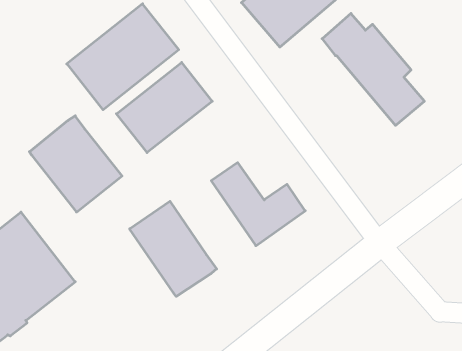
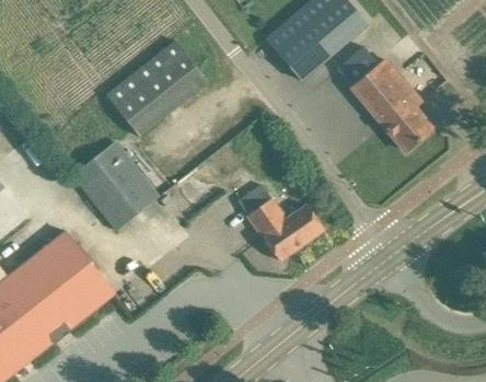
building: [116,62,212,153] -> none
building: [130,201,217,296] -> none

